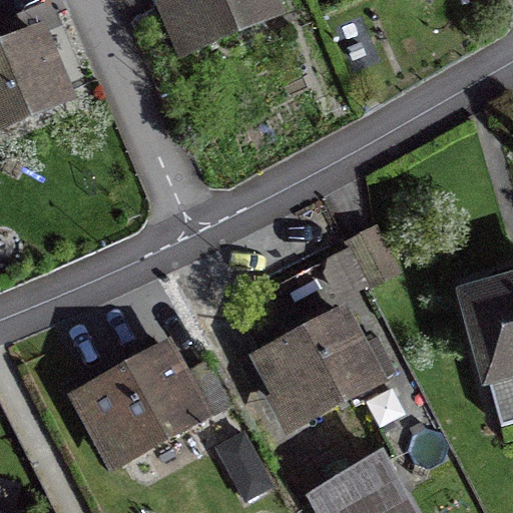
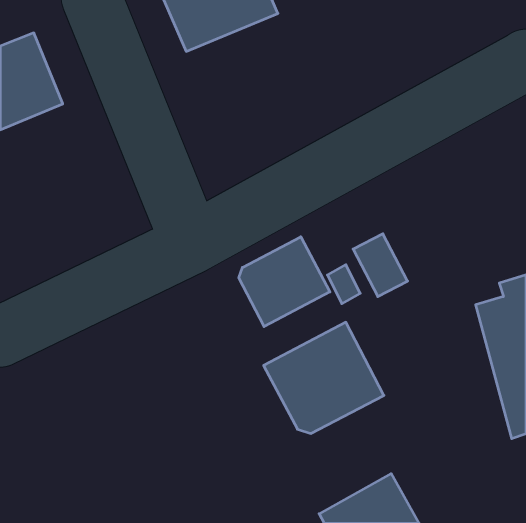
building: none -> [239,237,330,327]
building: [73,347,225,459] -> none

